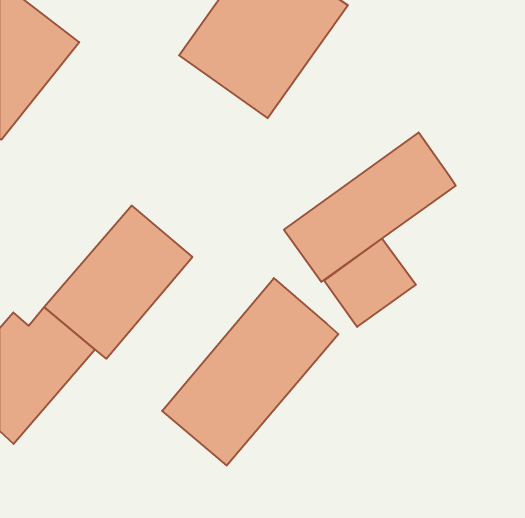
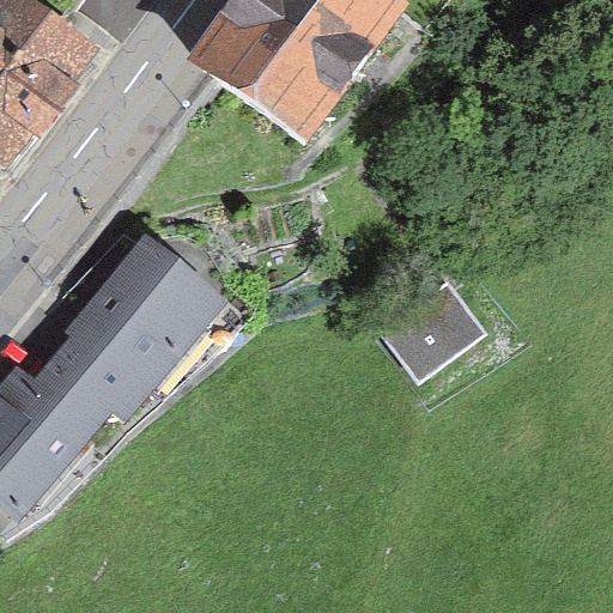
building: [284,132,456,282] -> none
building: [162,278,338,466] -> none

